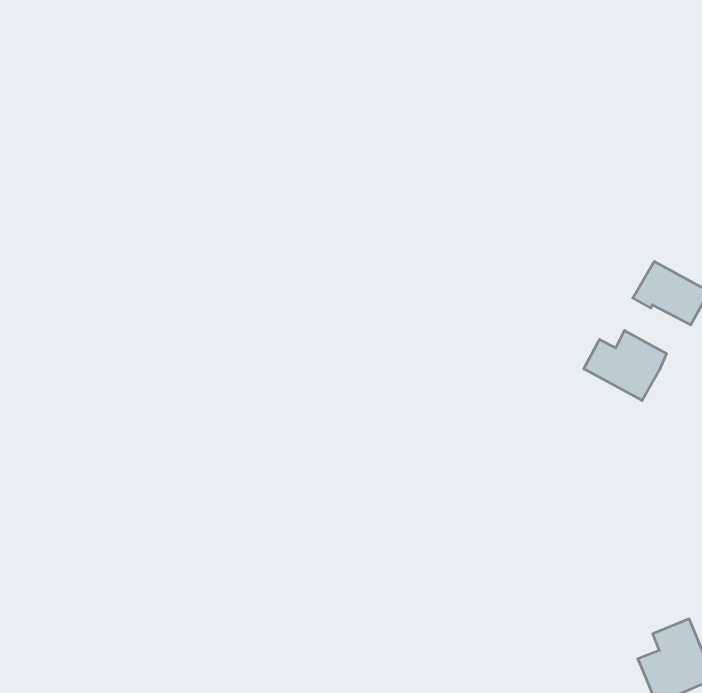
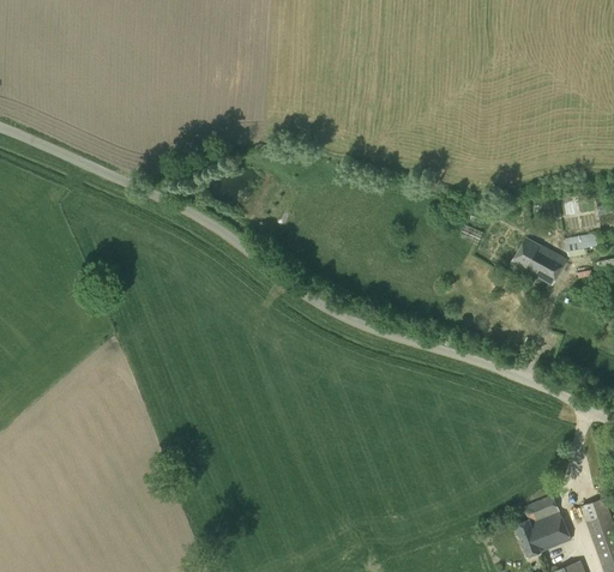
building: [584,330,667,401] -> none

